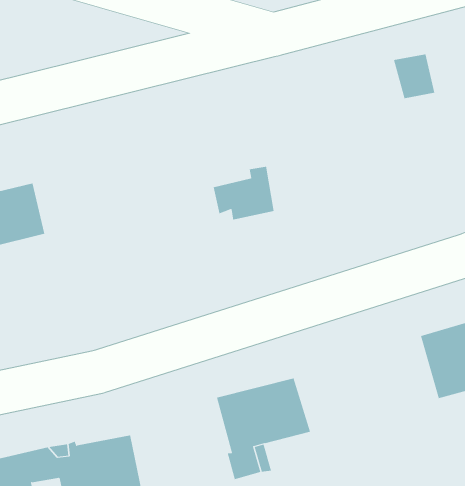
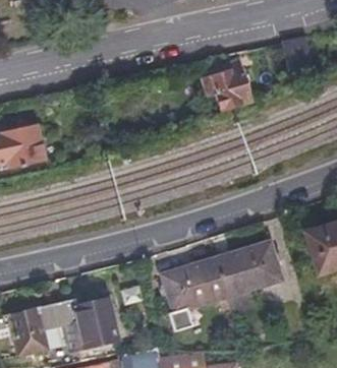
building: [213,166,274,220] -> [204,63,245,100]
building: none -> [217,243,282,294]

